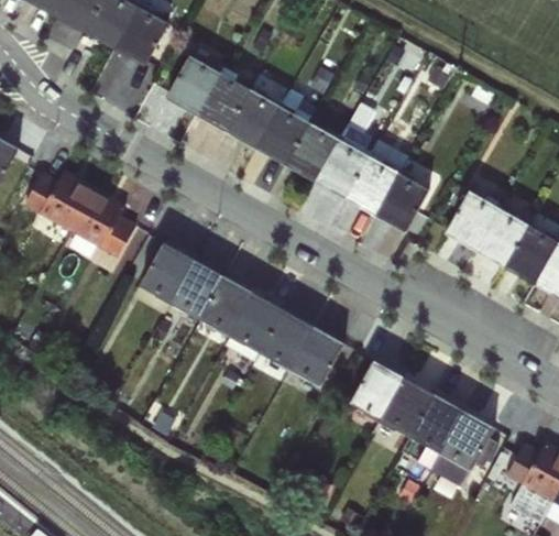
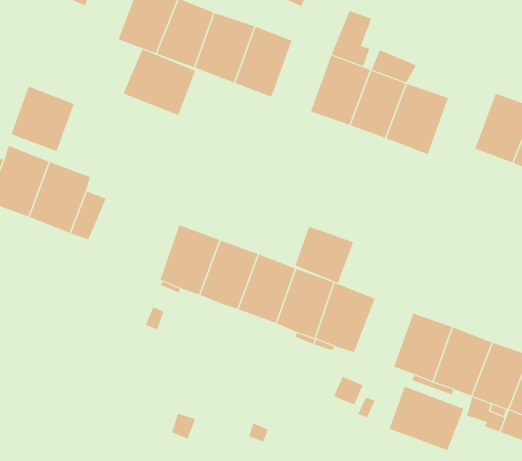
building: none -> [123,48,196,116]
building: [285,121,339,182] -> none
building: none -> [11,86,75,152]
building: [141,242,193,300] -> none
building: none -> [295,226,354,284]
building: none -> [389,386,464,451]

